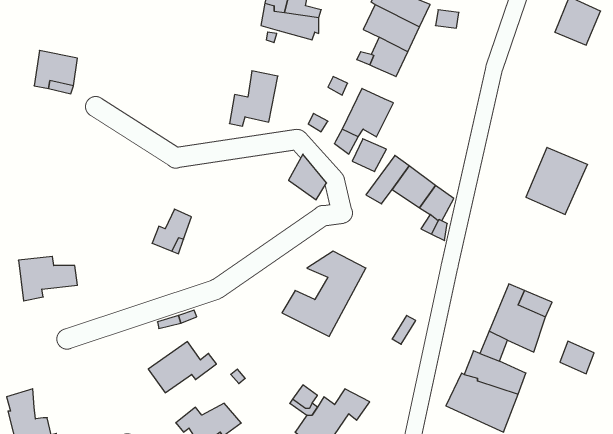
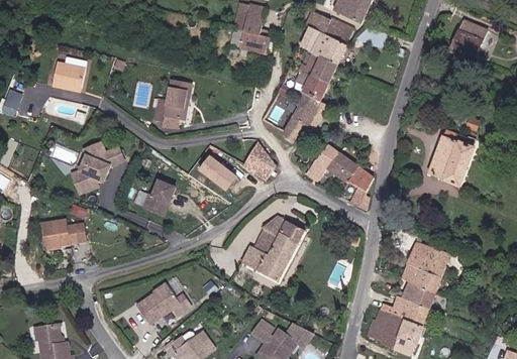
building: [229,71,278,126] -> [152,82,190,124]
building: [352,139,386,172] -> [305,73,331,98]
building: none -> [68,143,118,195]
building: none -> [198,156,237,192]
building: [560,341,594,374] -> [411,283,437,309]

